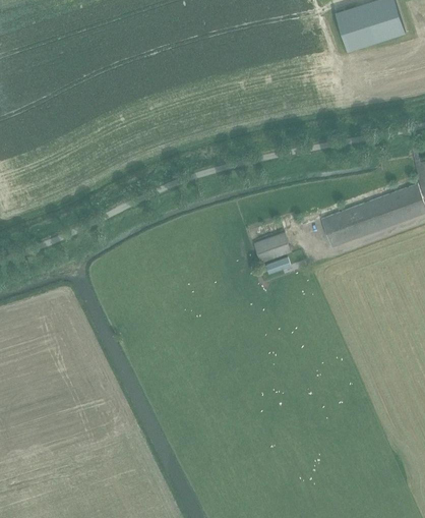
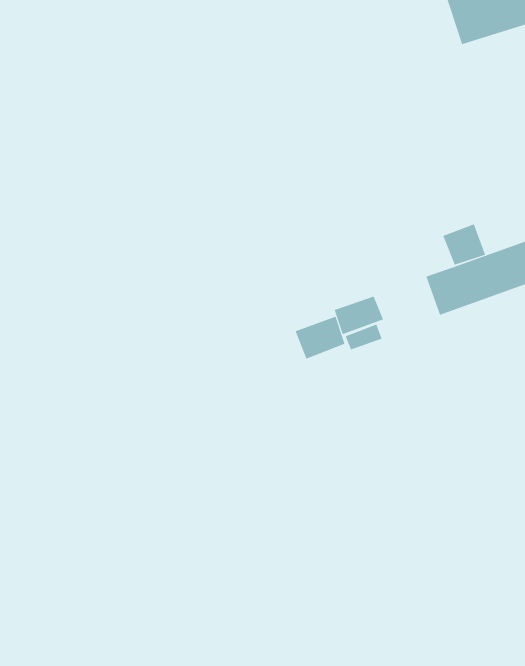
building: none -> [442,223,486,266]
building: none -> [295,316,345,360]

